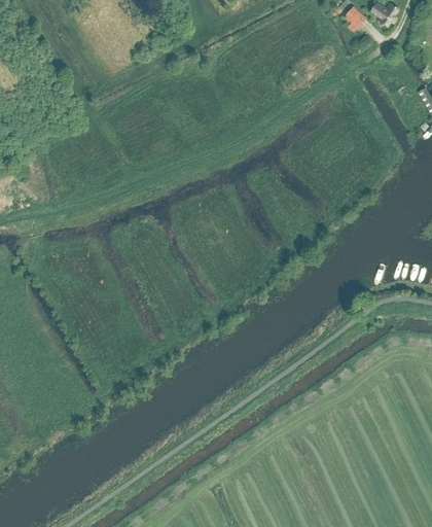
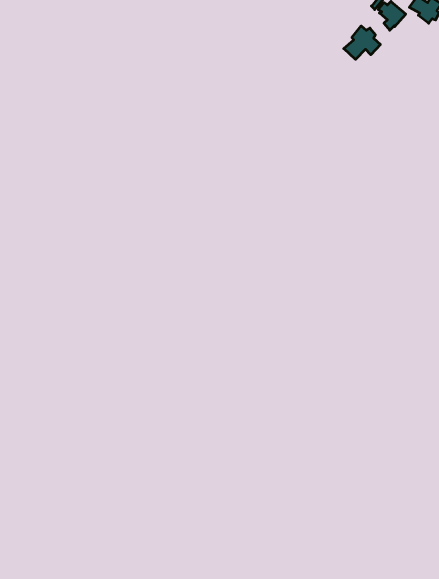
building: none -> [344,26,380,59]

